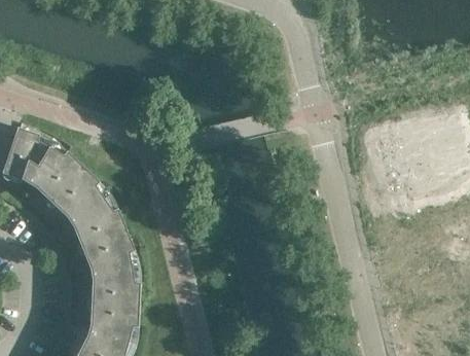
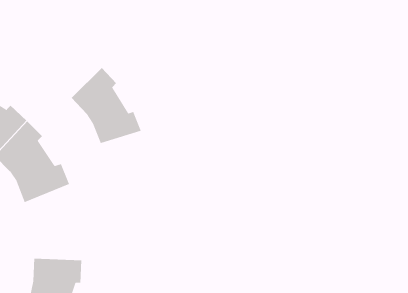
building: none -> [71,67,142,144]
building: [72,216,131,291] -> none

